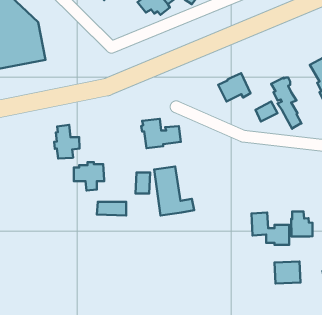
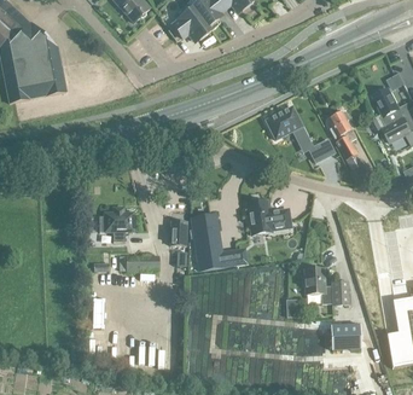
building: [141,119,181,148] -> [245,201,291,234]
building: [54,125,80,159] -> none
building: [291,212,313,237] -> none

